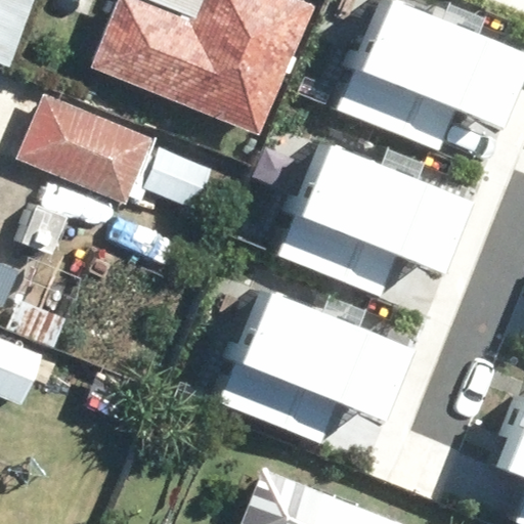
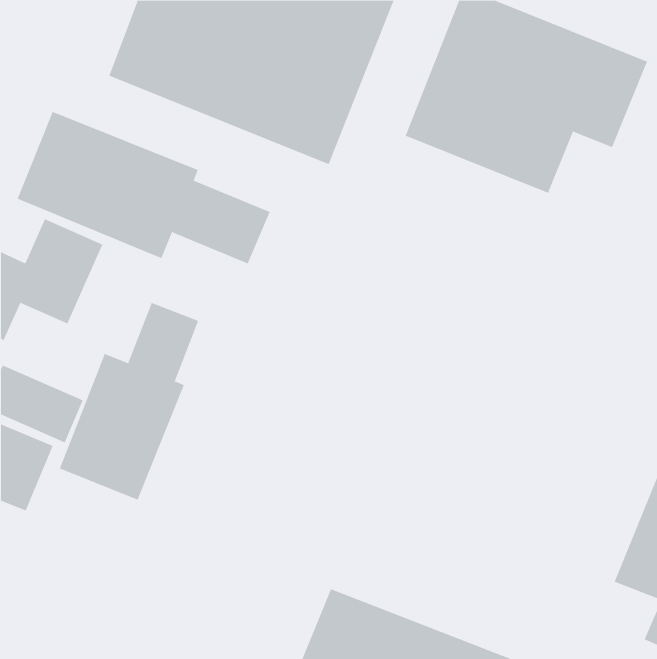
building: [268,134,465,295] -> none
building: none -> [59,302,199,501]
building: [214,271,404,434] -> none

